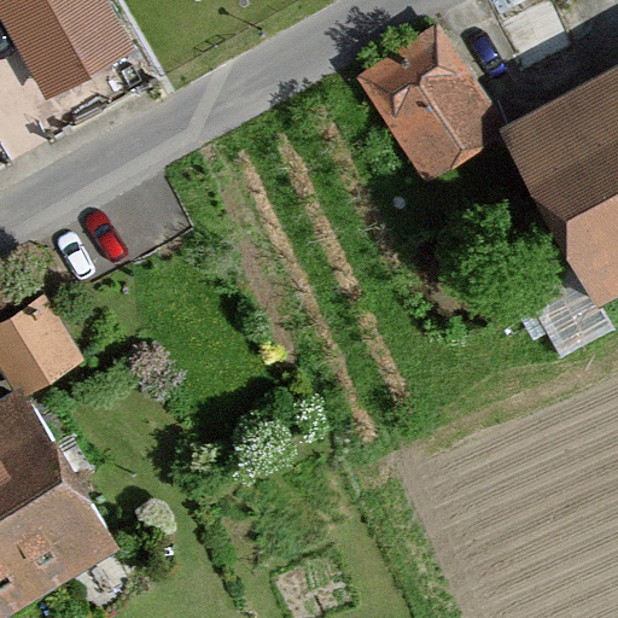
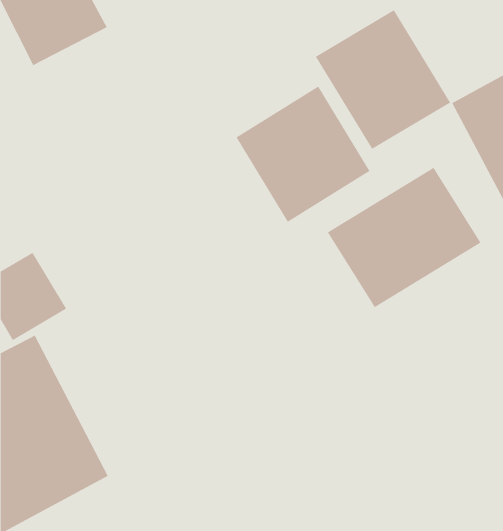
building: none -> [235,85,371,223]
building: none -> [327,167,481,308]

